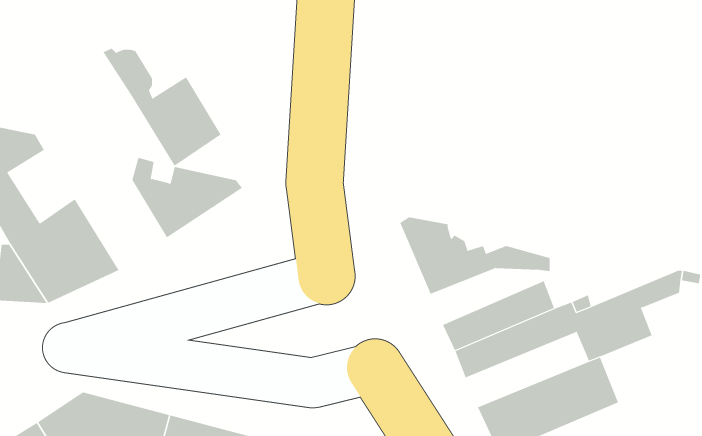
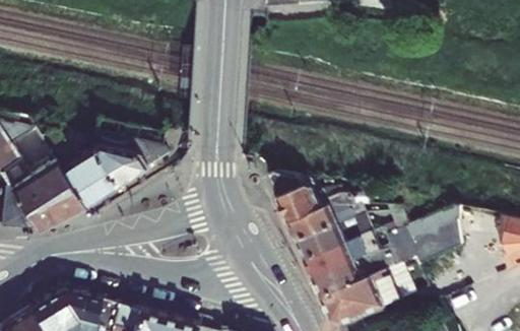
building: [103,48,221,167] -> [37,128,116,207]
building: none -> [291,206,368,244]
building: none -> [315,249,397,299]

